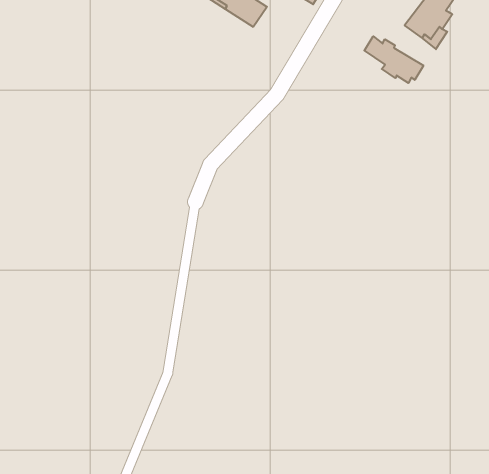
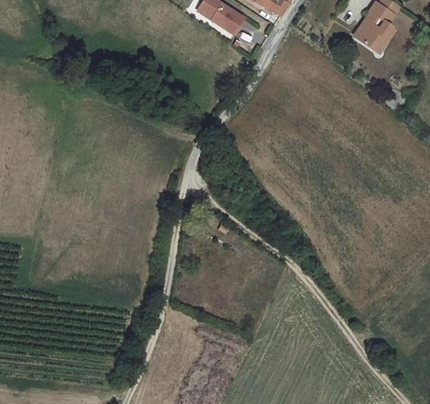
building: [364,36,423,83] -> none

